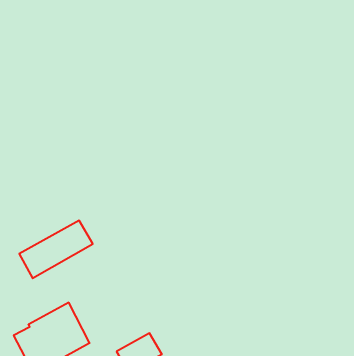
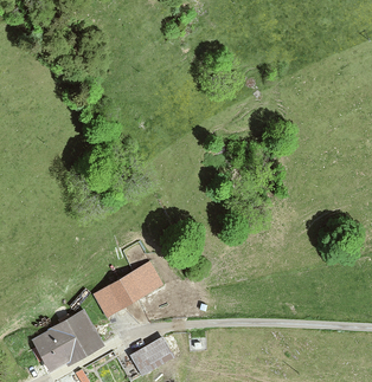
building: [19,221,93,278] -> [92,261,163,317]

